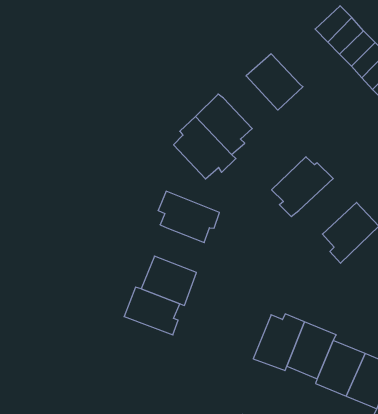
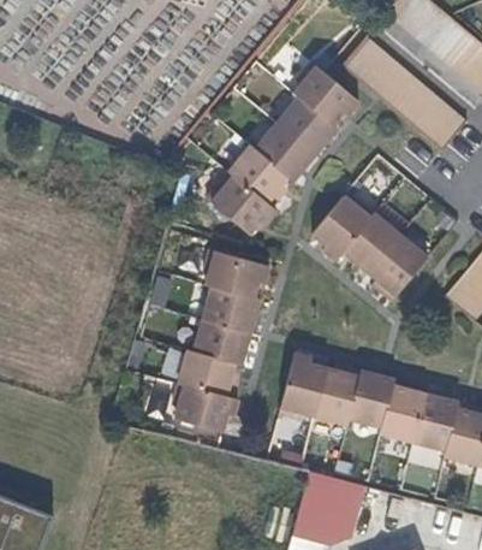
building: none -> [294,65,357,125]
building: none -> [256,123,313,179]
building: none -> [345,218,403,276]
building: none -> [203,286,255,329]
building: none -> [280,348,328,413]
building: none -> [174,382,237,428]

